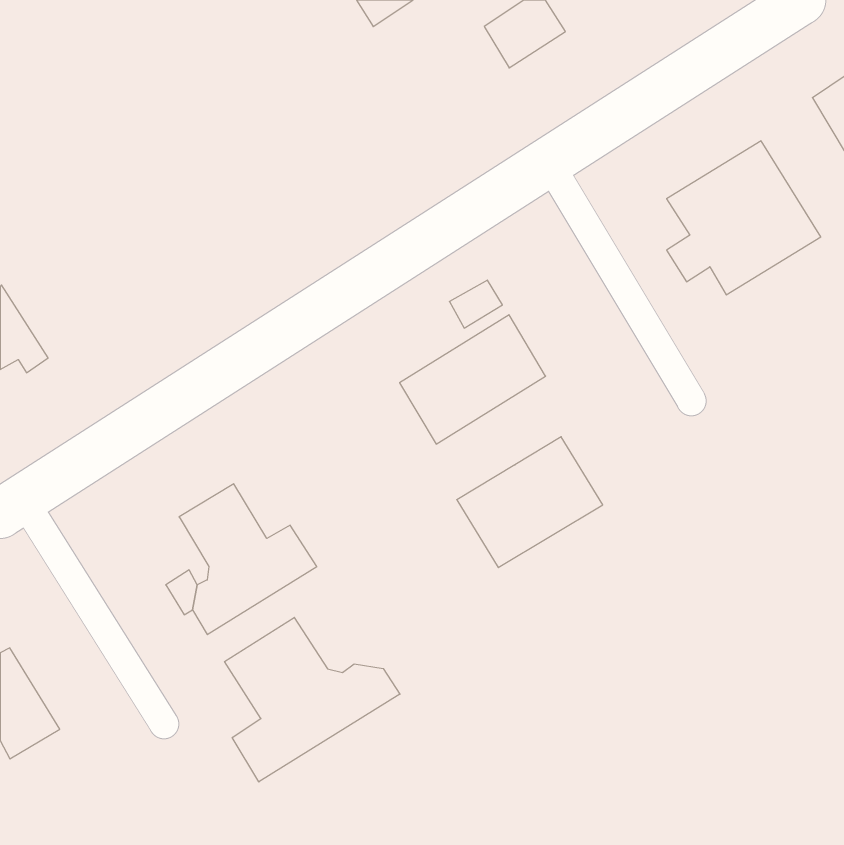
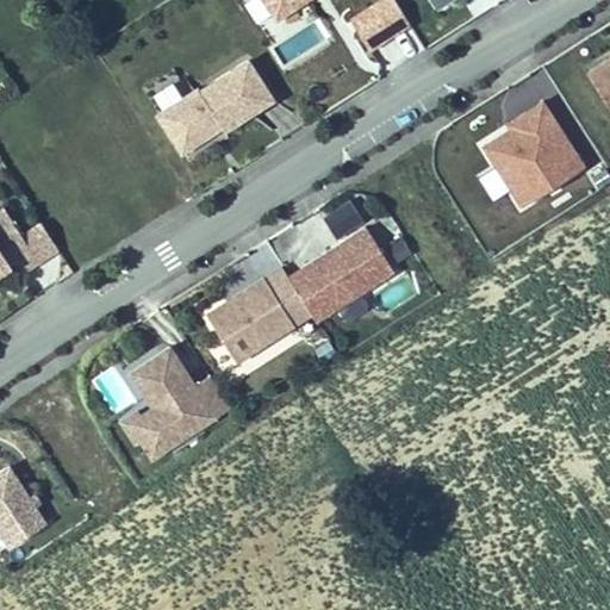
building: none -> [154,60,267,149]
building: [457,437,603,568] -> [207,268,312,362]
building: [225,617,400,782] -> none

